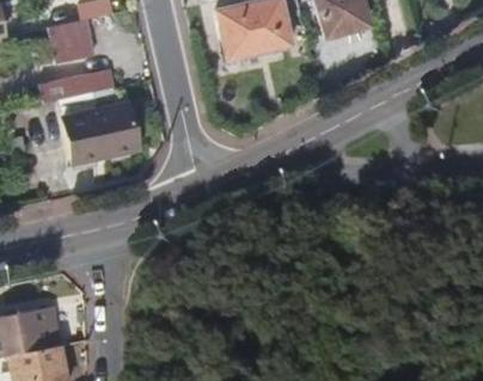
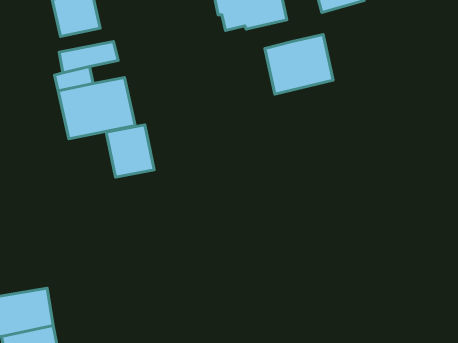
building: none -> [265,34,333,94]
building: none -> [106,125,154,177]

